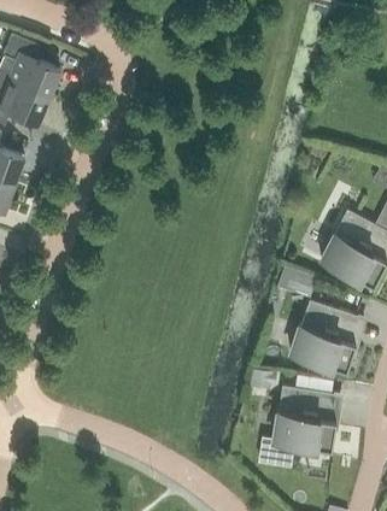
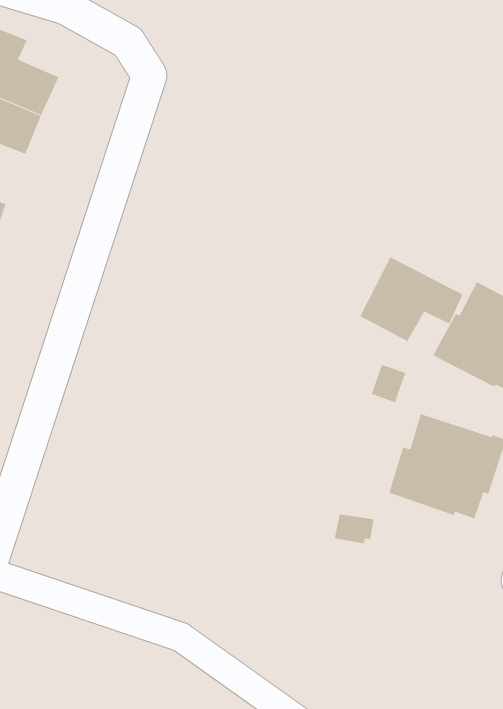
building: none -> [359,257,463,342]
building: [263,387,344,469] -> none

